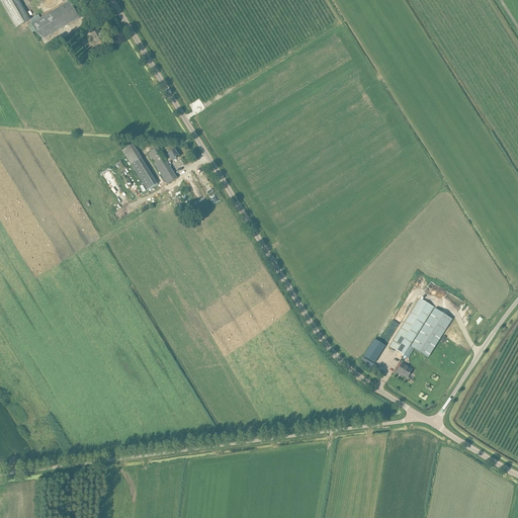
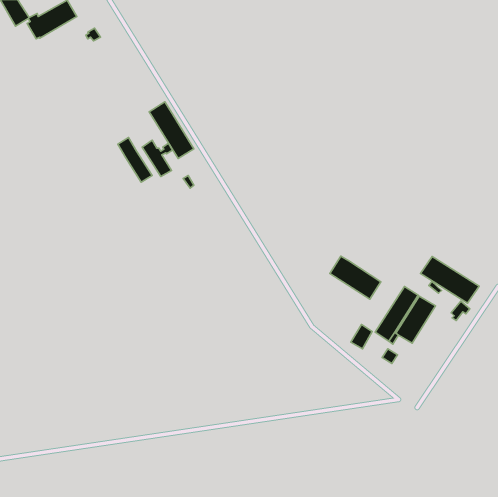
building: none -> [149,102,194,159]
building: none -> [330,256,381,299]
building: none -> [421,256,479,303]

